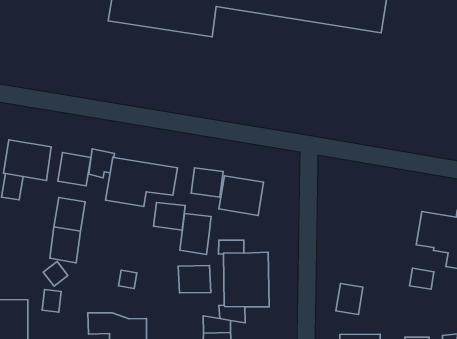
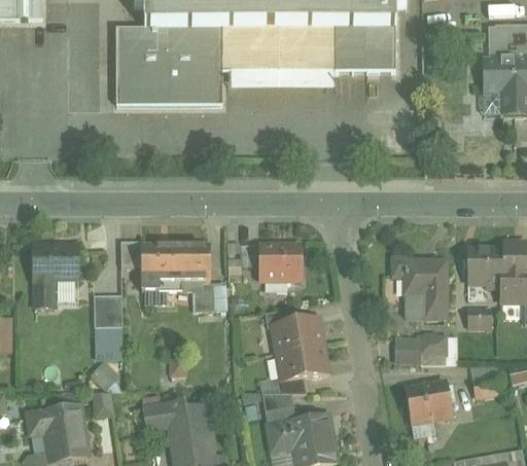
building: [58,153,91,186] -> none
building: none -> [393,257,445,318]
building: [180,213,211,254] -> none
building: [178,266,211,293] -> none
building: none -> [420,336,445,365]

